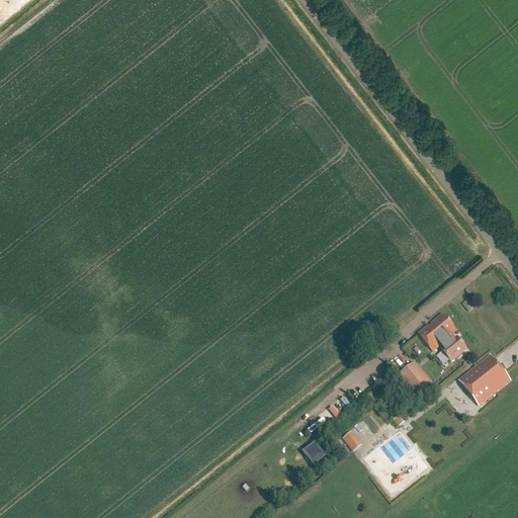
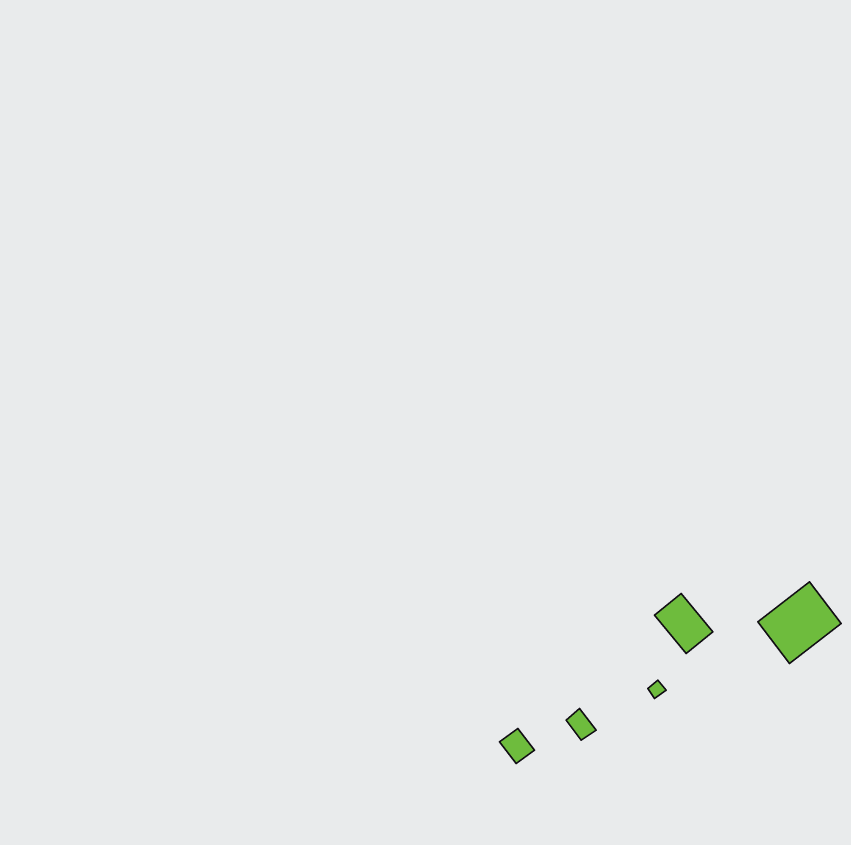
building: [419,314,466,360] -> none

